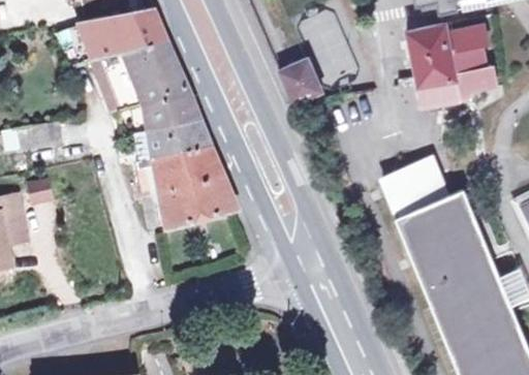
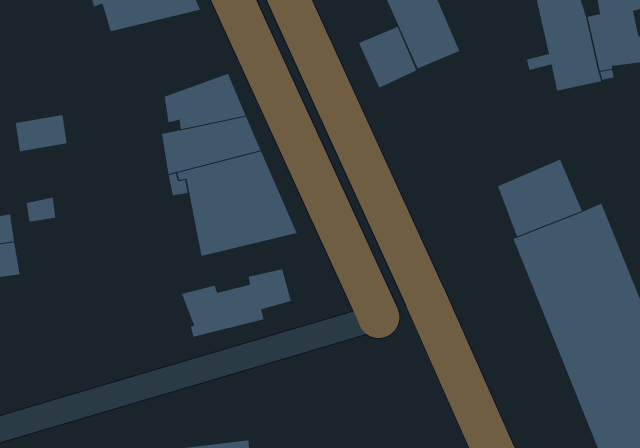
building: [94,41,183,115] -> none
building: none -> [181,269,291,337]

